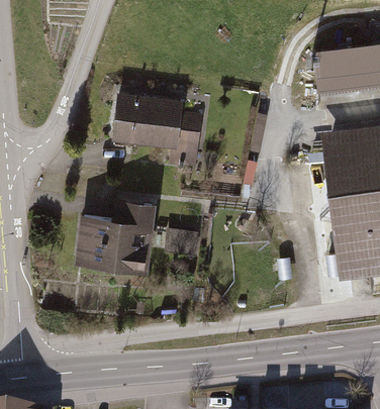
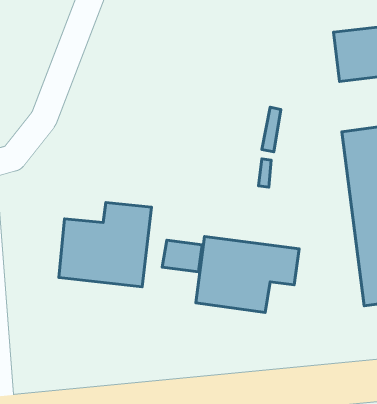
building: [111,93,202,167] -> none
building: none -> [196,237,299,313]

